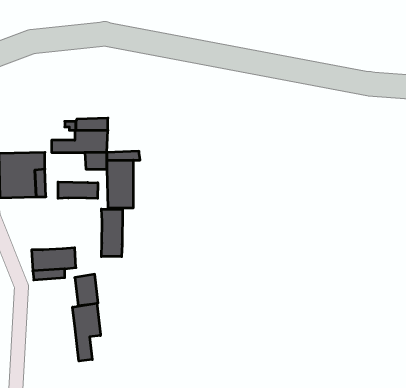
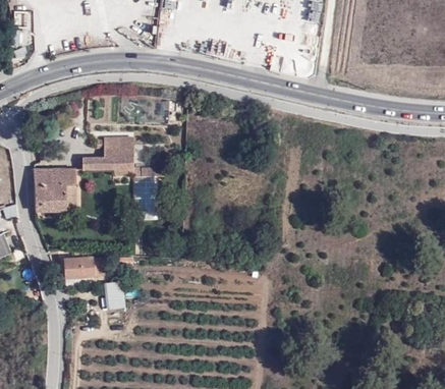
building: [58,182,98,198] -> none
building: [101,209,123,257] -> none
building: [73,303,100,361] -> none

